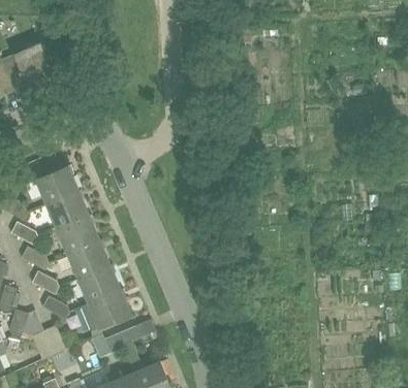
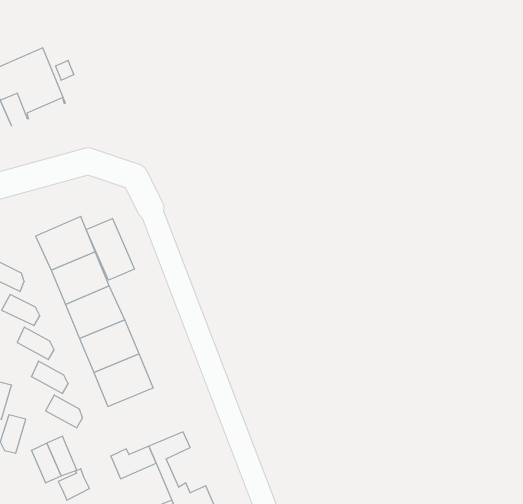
building: none -> [86,218,135,280]
building: [79,290,131,332] -> none

